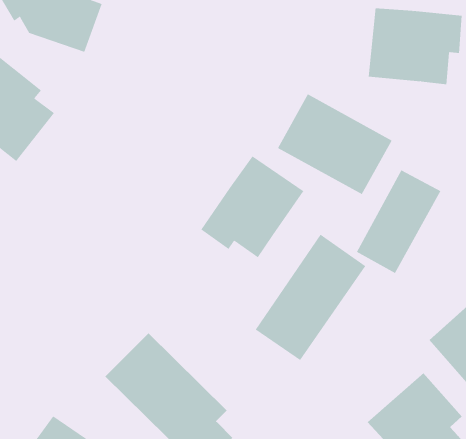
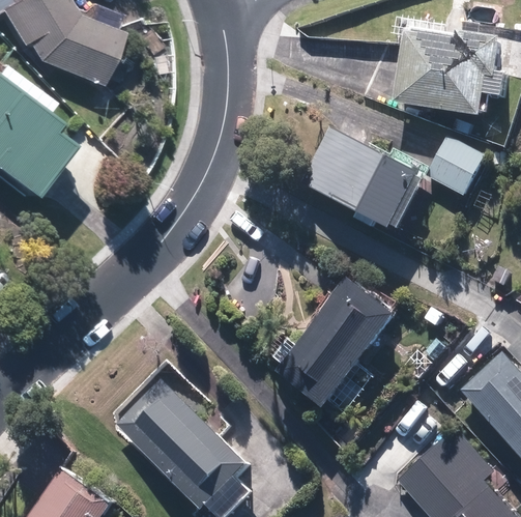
building: none -> [426,134,487,197]
building: [201,155,304,258] -> none
building: [356,169,441,274] -> none

